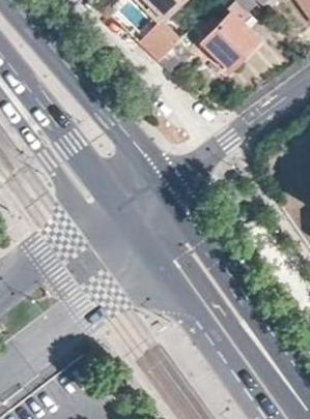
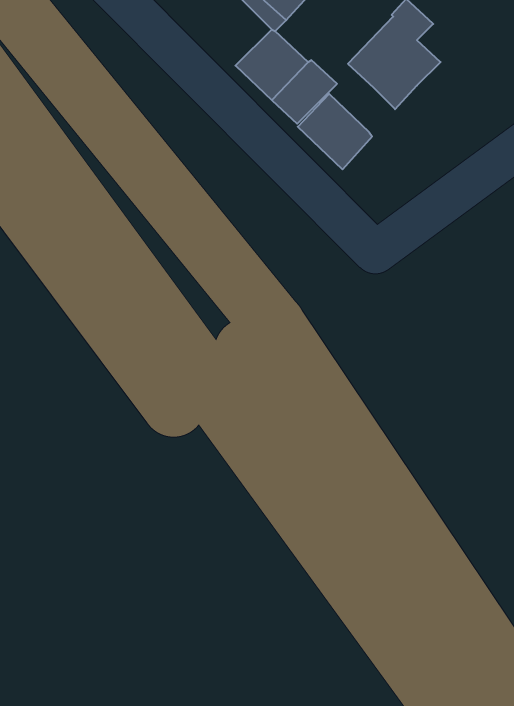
building: none -> [298,94,372,169]

